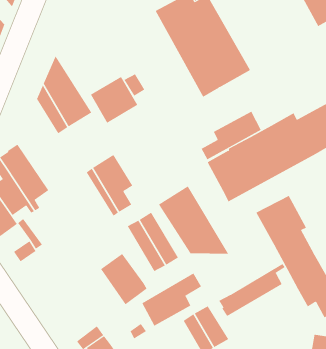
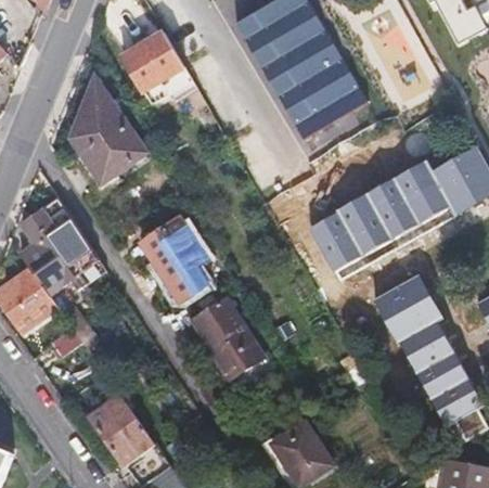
building: [90,76,138,123] -> [125,36,190,100]
building: [201,111,261,160] -> none
building: [158,185,229,254] -> none
building: [100,253,147,305] -> [89,395,153,465]
building: [218,263,286,317] -> none
building: [141,273,202,326] -> none

